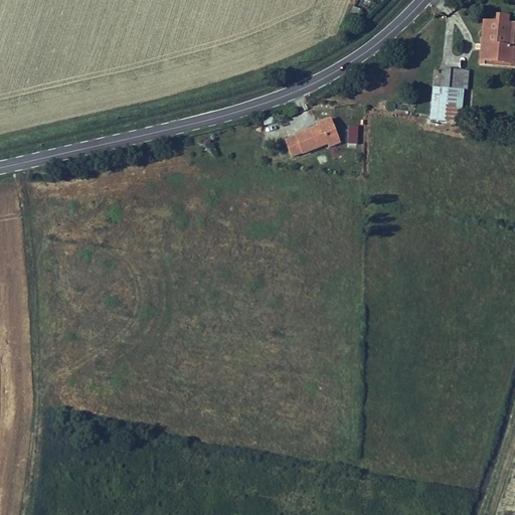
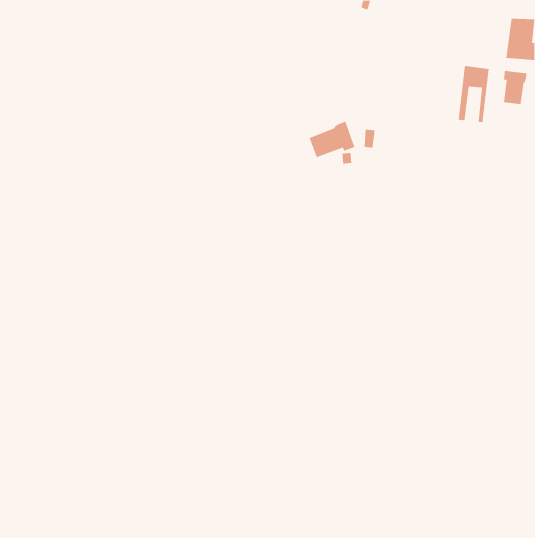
building: none -> [503,70,527,105]

